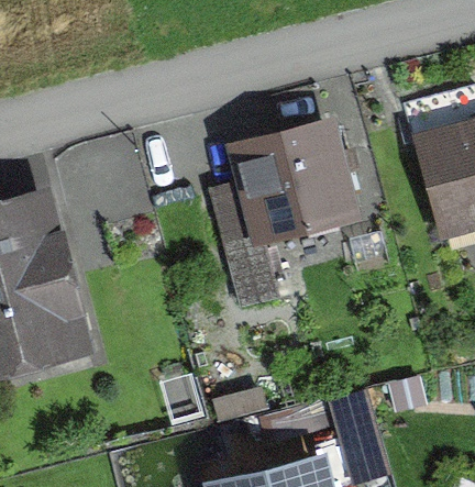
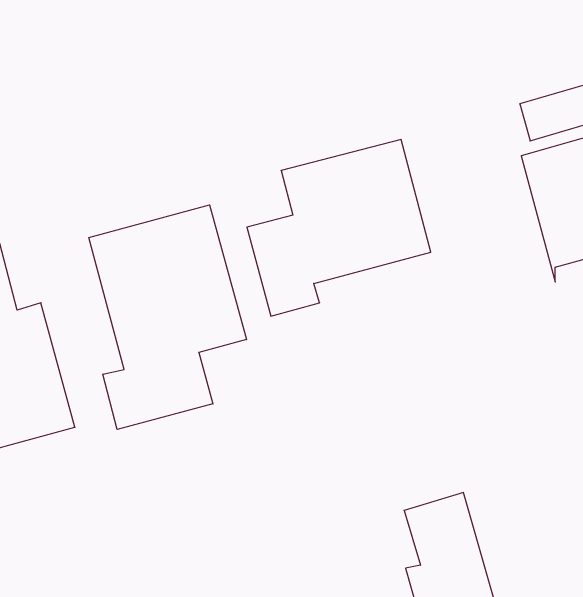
building: none -> [89,205,246,429]

